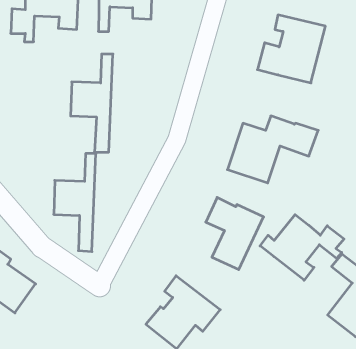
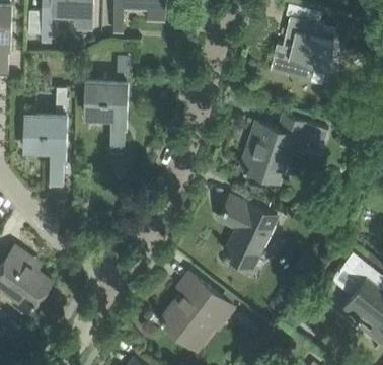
building: [54,154,96,252] -> [25,90,67,187]
building: [260,215,344,280] -> none

